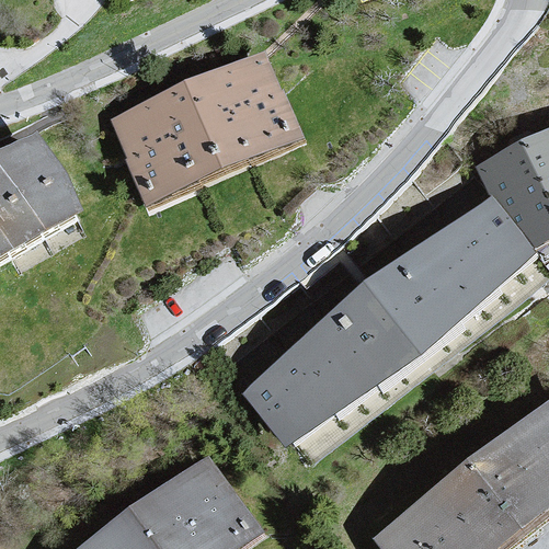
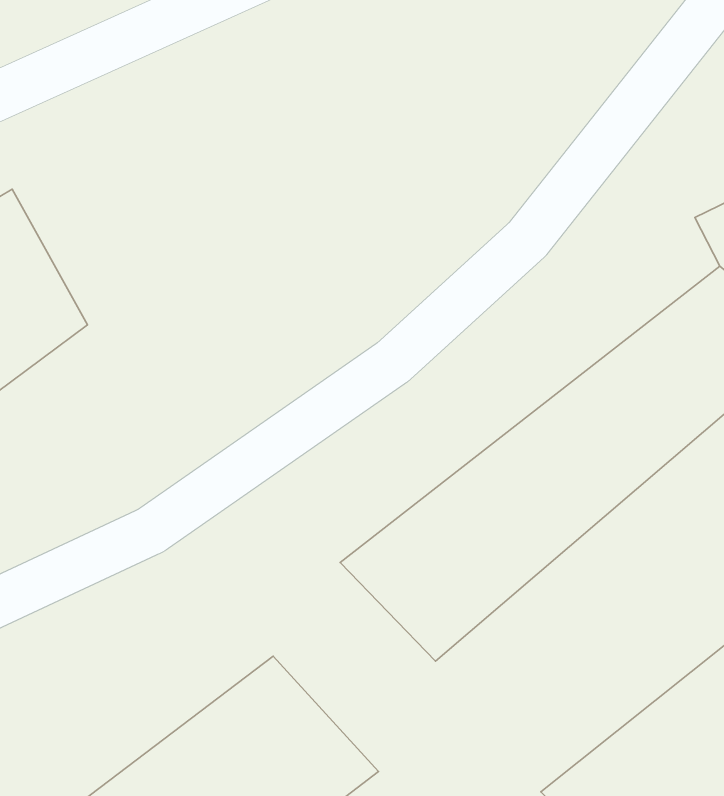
building: [96,49,298,211] -> none

